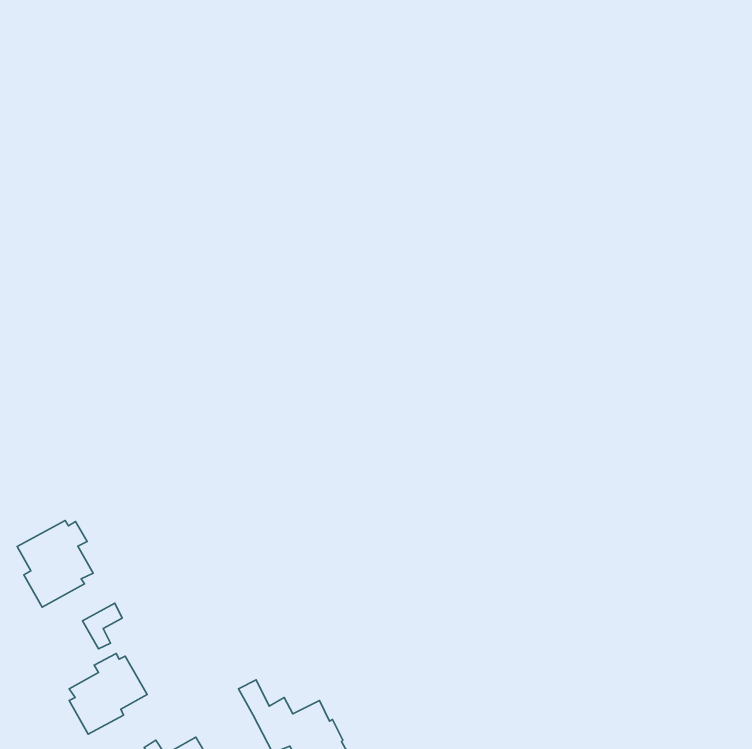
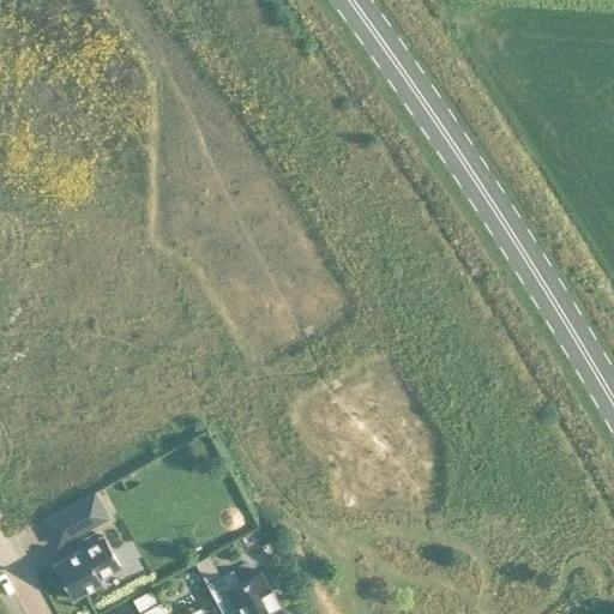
building: [17,521,93,607] -> none

